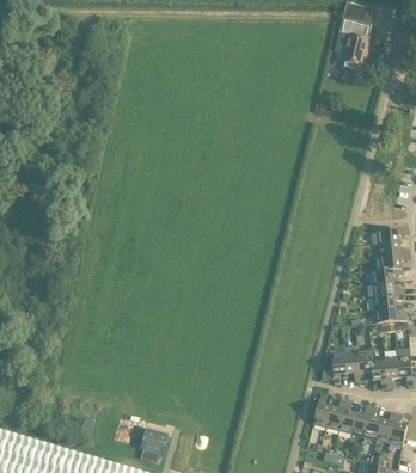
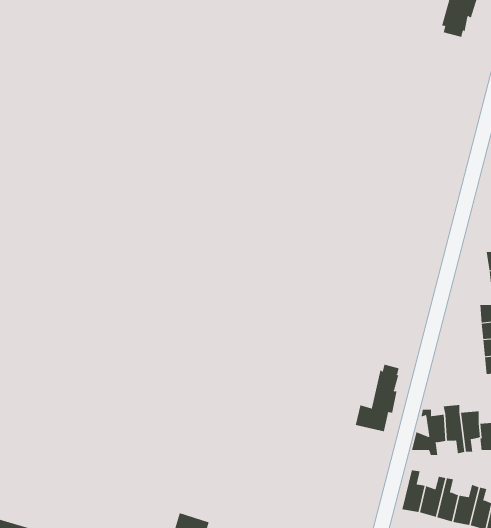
building: none -> [355,364,399,432]

